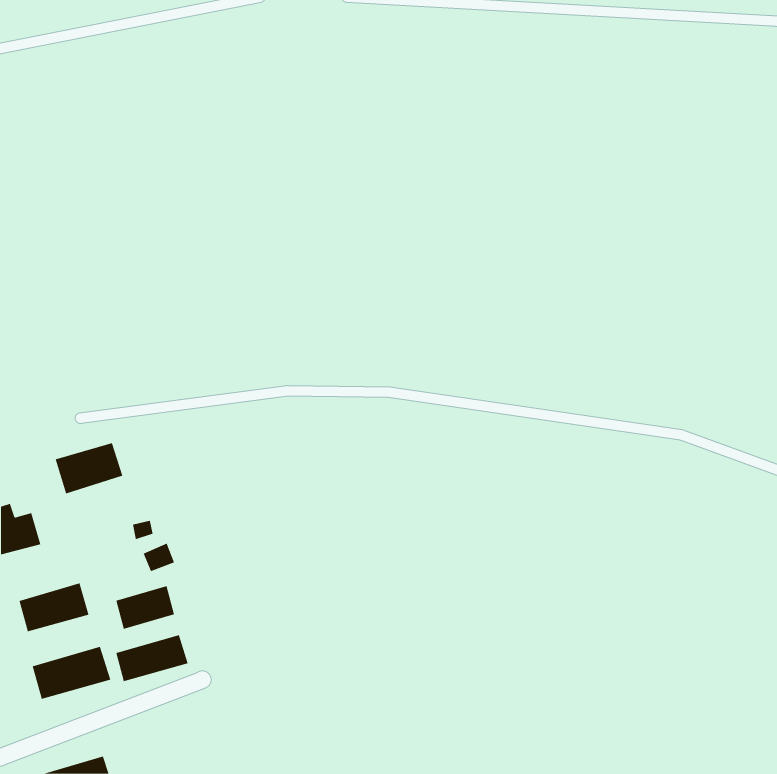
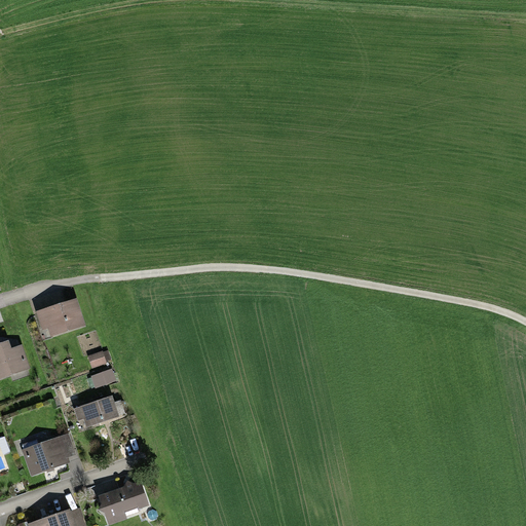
building: [19,583,89,632] -> none
building: [116,635,189,682] -> [100,484,149,516]

